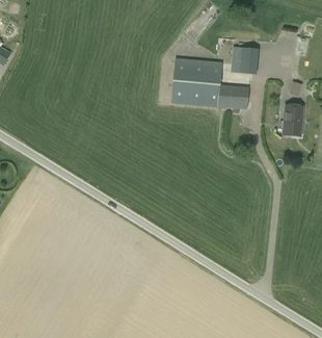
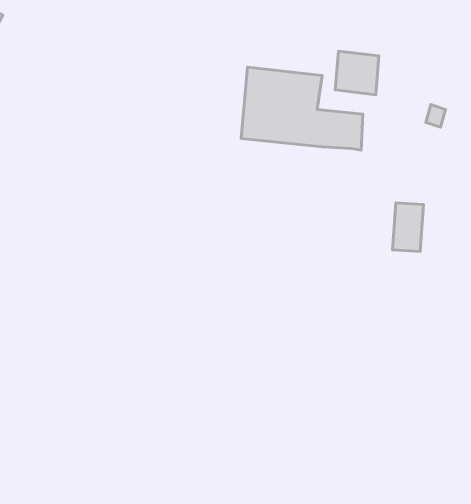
building: [284,104,303,135] -> [393,203,423,251]

